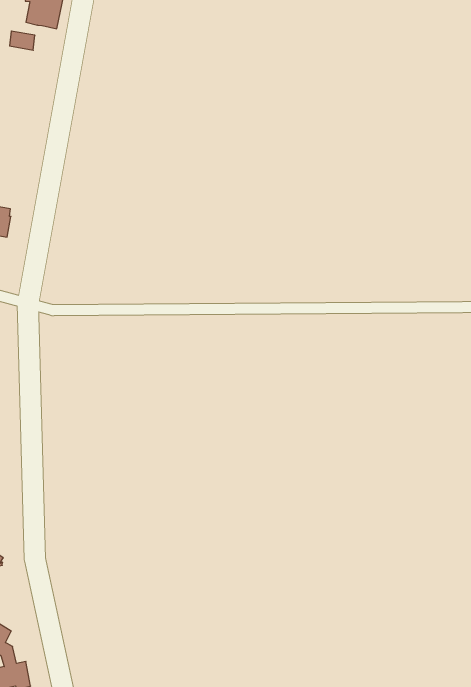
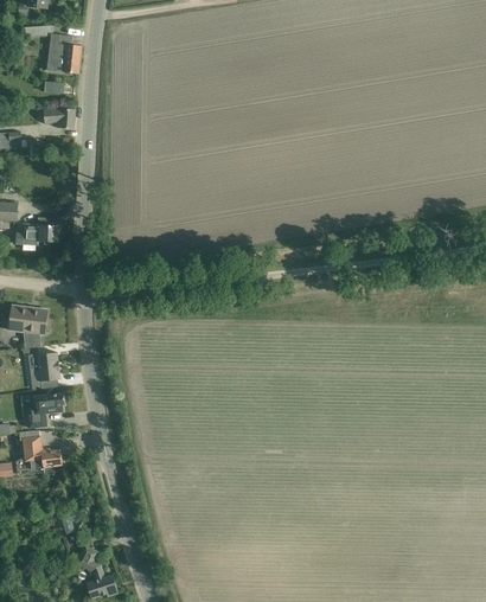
building: none -> [44,108,75,129]

